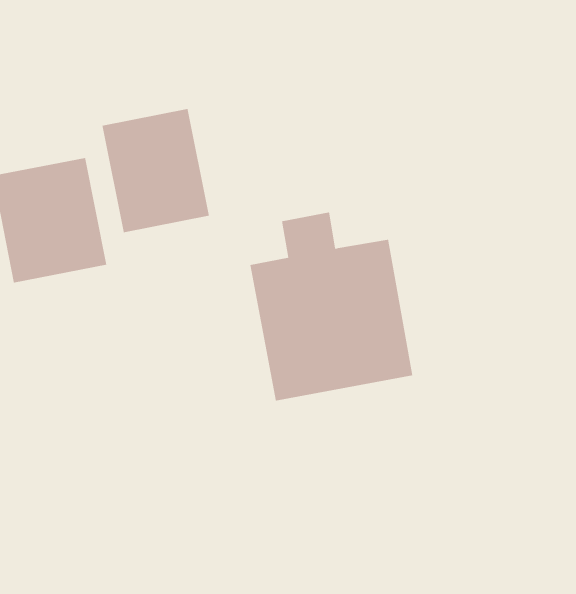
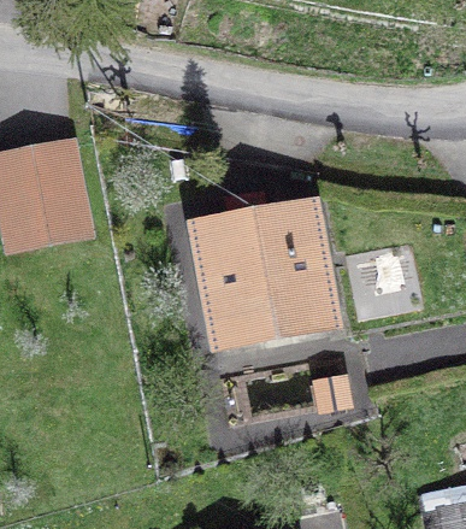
building: [102,108,209,233] -> none

